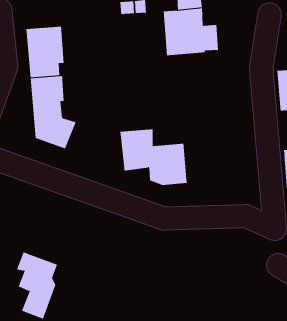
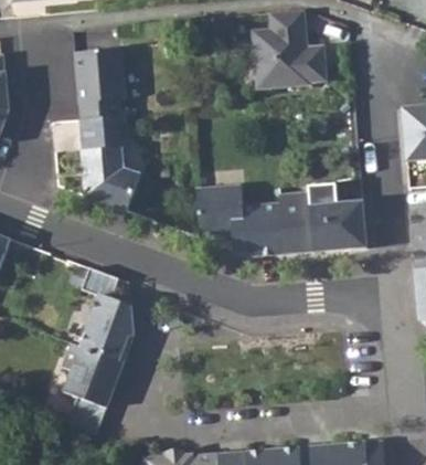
building: none -> [279,183,364,254]
building: none -> [79,265,134,362]

